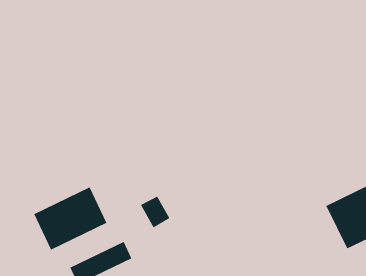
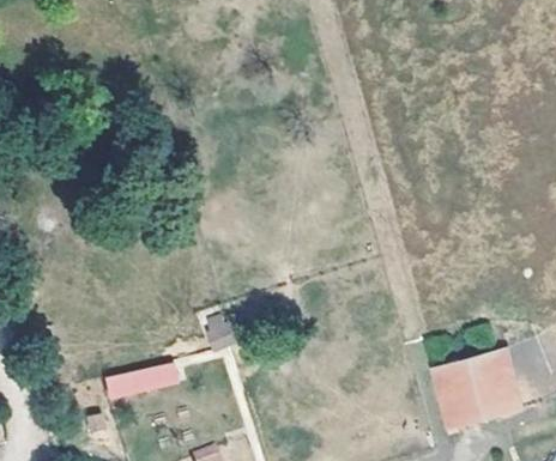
building: [33,186,107,250] -> none

